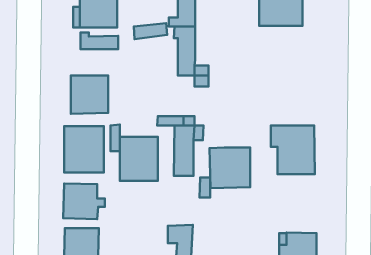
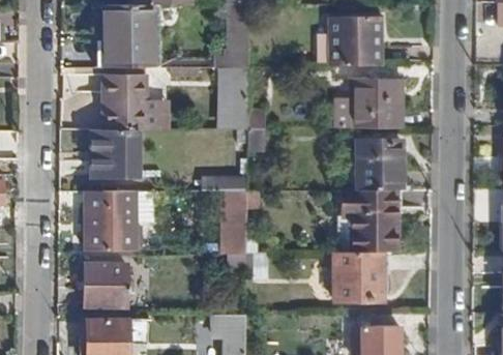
building: none -> [333,79,404,128]
building: none -> [106,95,153,128]
building: none -> [356,139,403,190]
building: [120,137,158,181] -> none
building: [210,147,250,188] -> [332,252,383,302]

